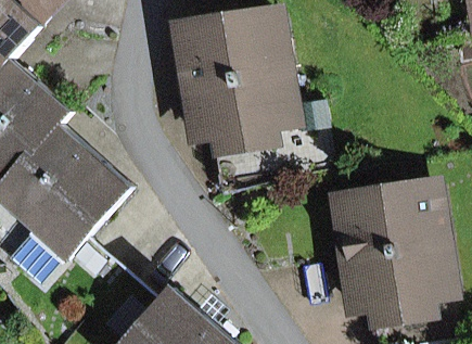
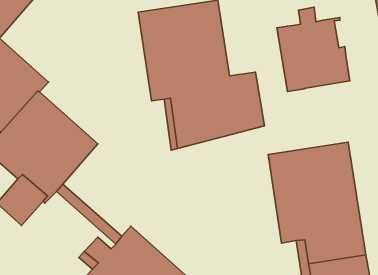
building: none -> [277,7,350,92]

